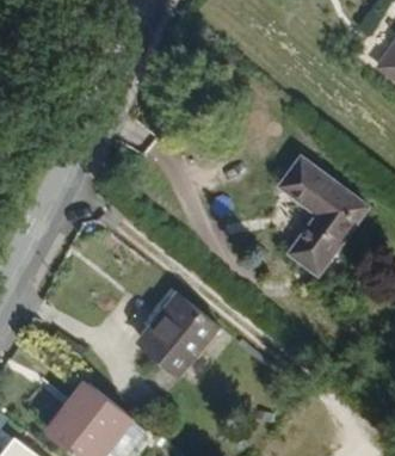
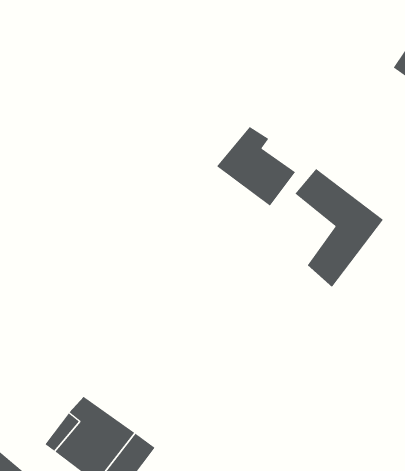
building: none -> [216,126,296,206]
building: [144,295,217,366] -> none

